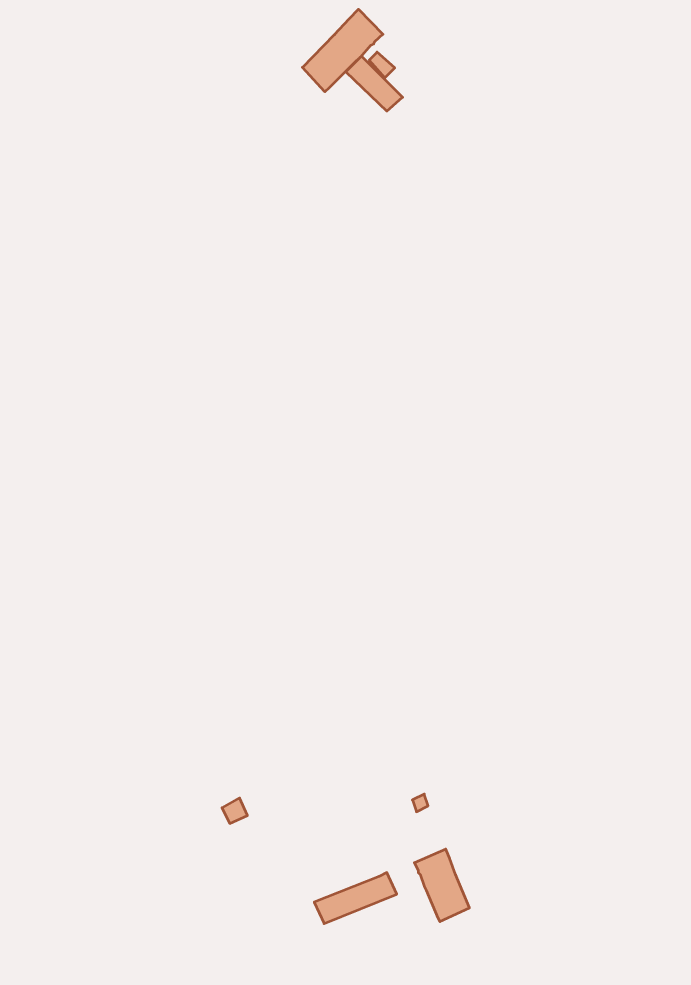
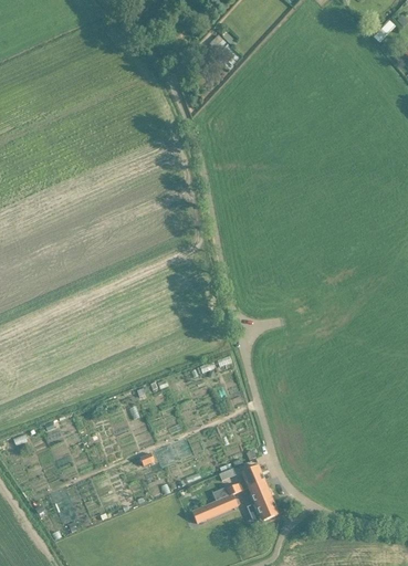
building: [302,9,383,92] -> none
building: none -> [224,464,264,495]

